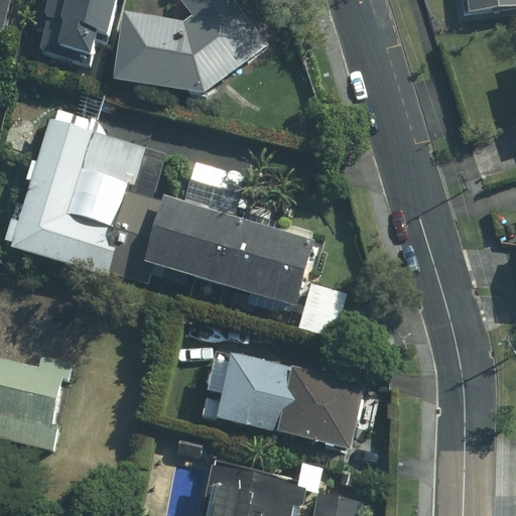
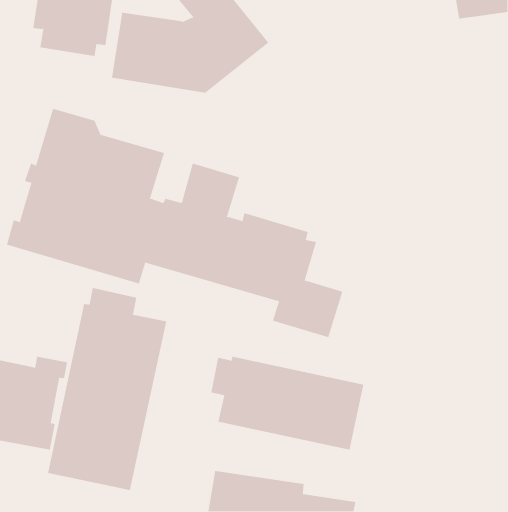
building: none -> [48,287,167,491]

